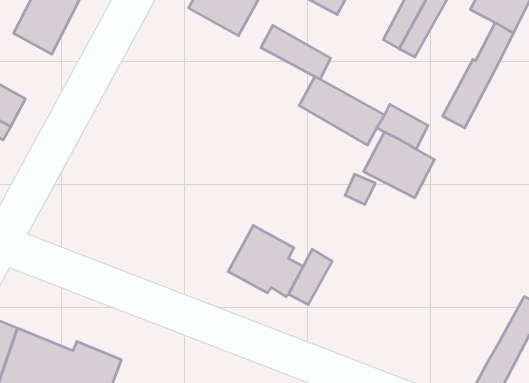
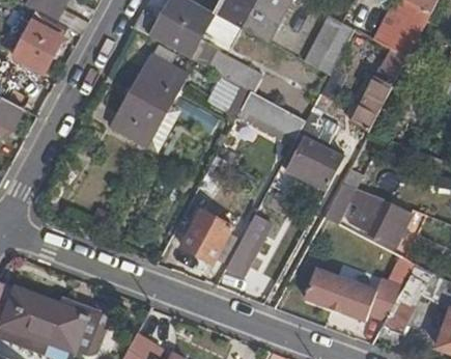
building: none -> [112,53,185,144]
building: none -> [323,183,411,247]
building: none -> [304,265,402,317]

